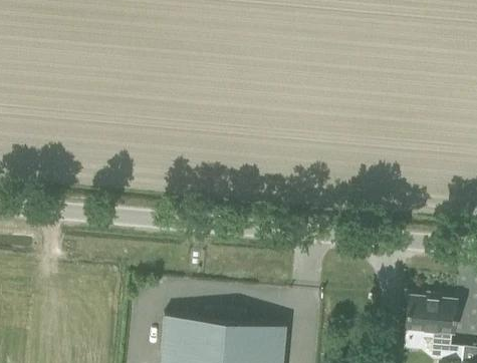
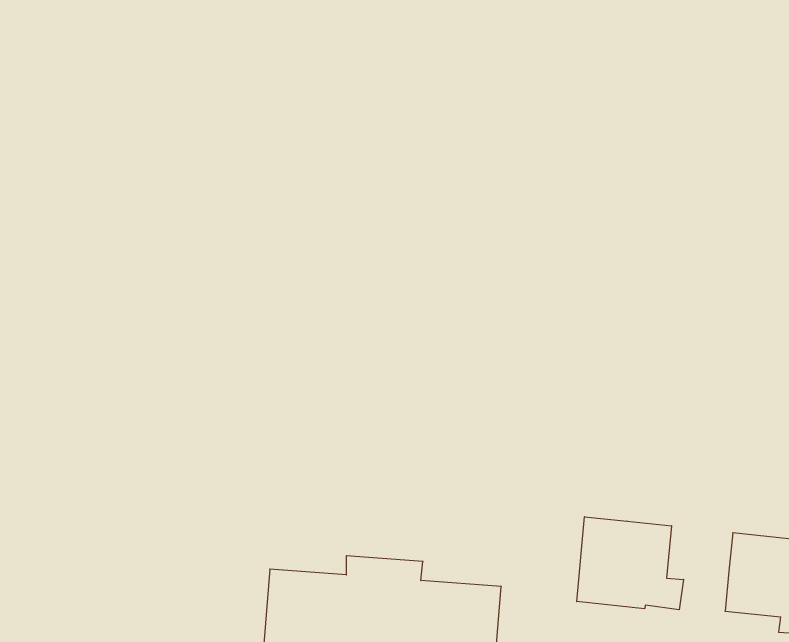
building: none -> [577,517,684,610]

